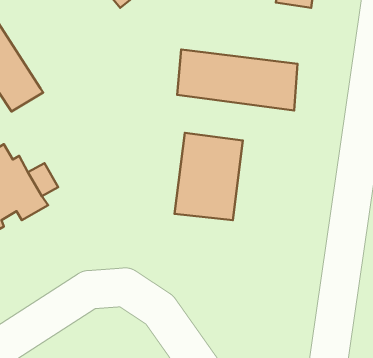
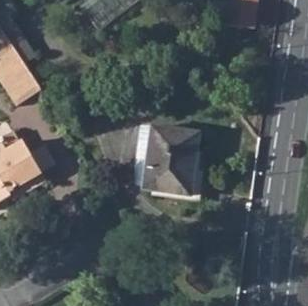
building: [177,49,298,111] -> none

